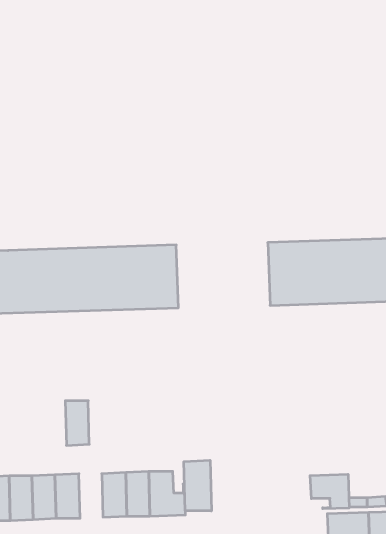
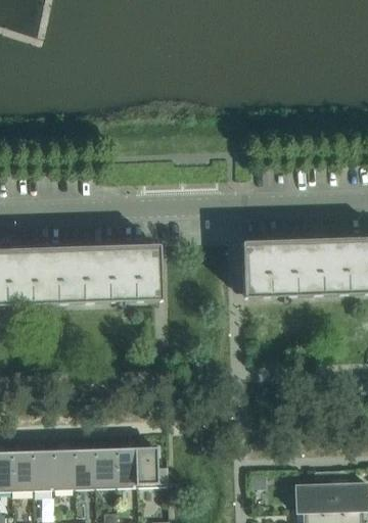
building: [65,401,89,445] -> [73,447,94,487]
building: [184,460,211,511] -> none
building: [310,474,349,509] -> none

